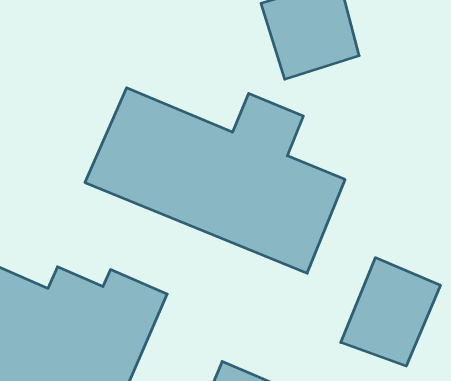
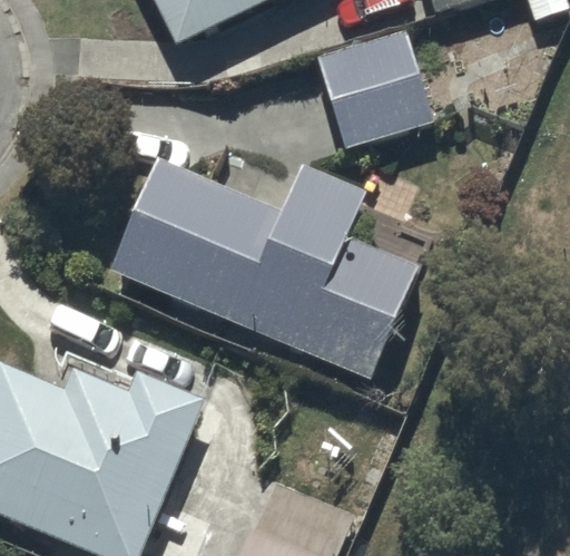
building: [341,258,440,366] -> none

